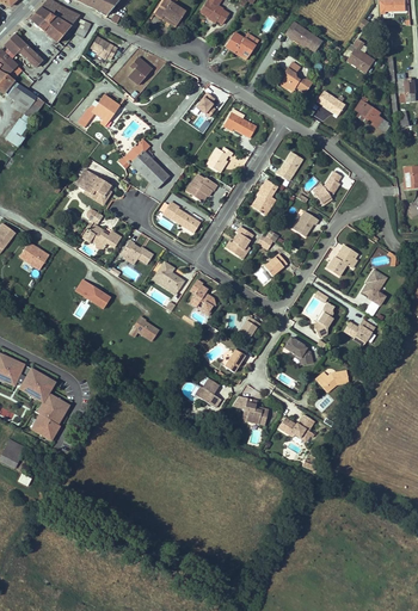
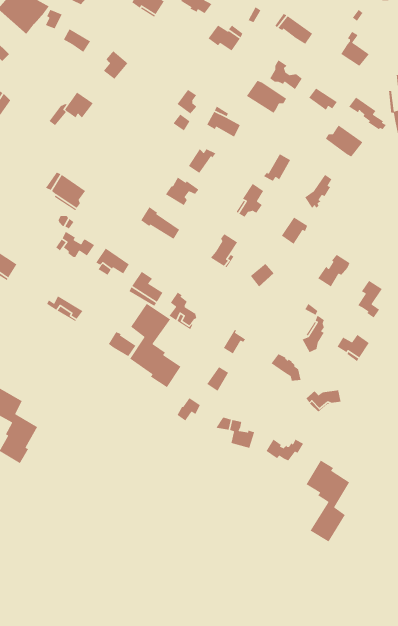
building: none -> [246,80,287,114]
building: none -> [325,124,363,157]
building: [118,138,168,187] -> none
building: none -> [129,303,182,388]
building: none -> [305,460,350,542]

